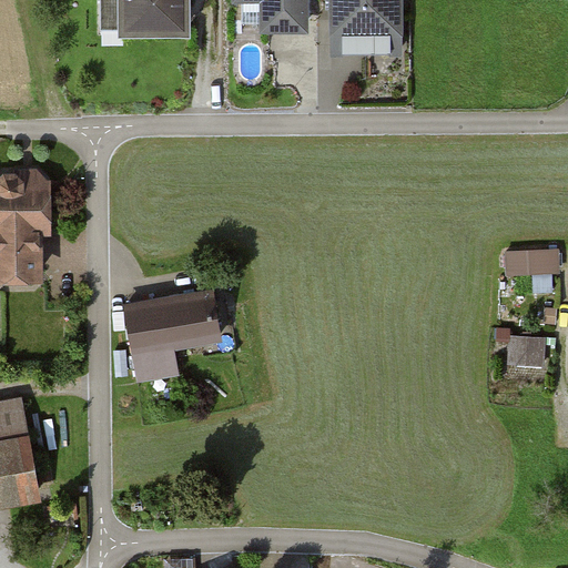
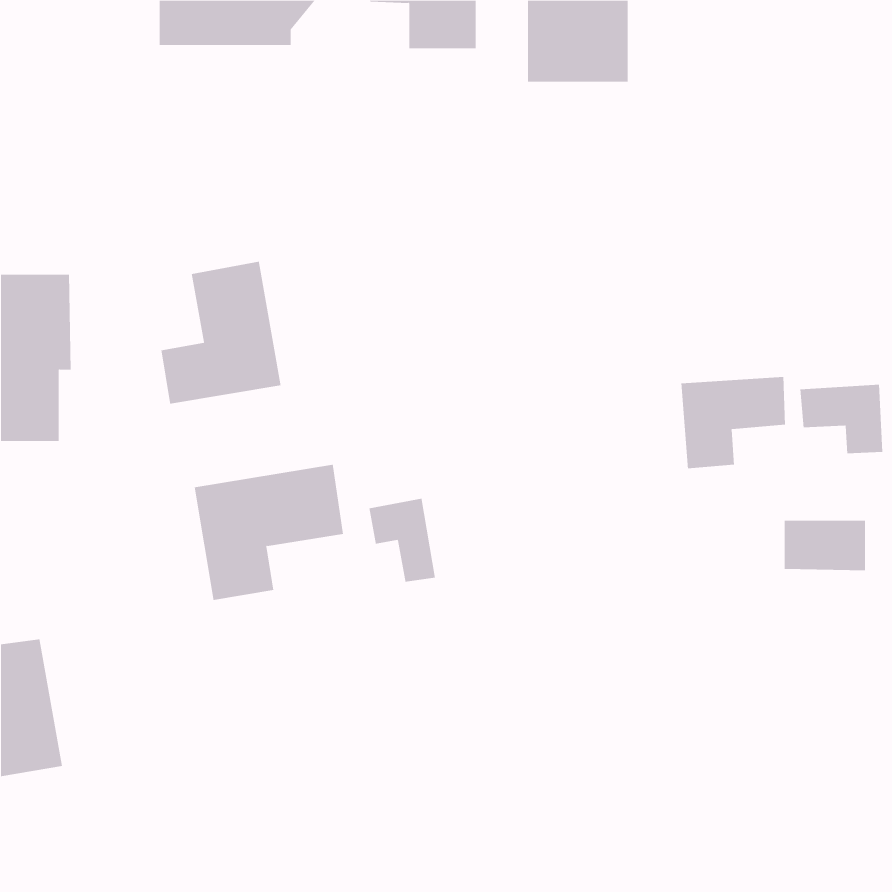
building: none -> [161,261,281,405]
building: none -> [681,376,786,469]
building: none -> [369,498,435,582]

